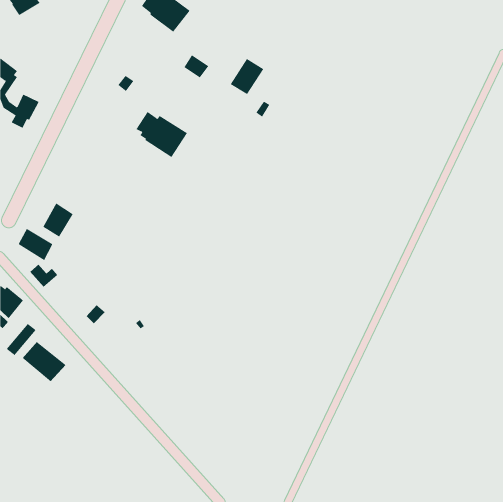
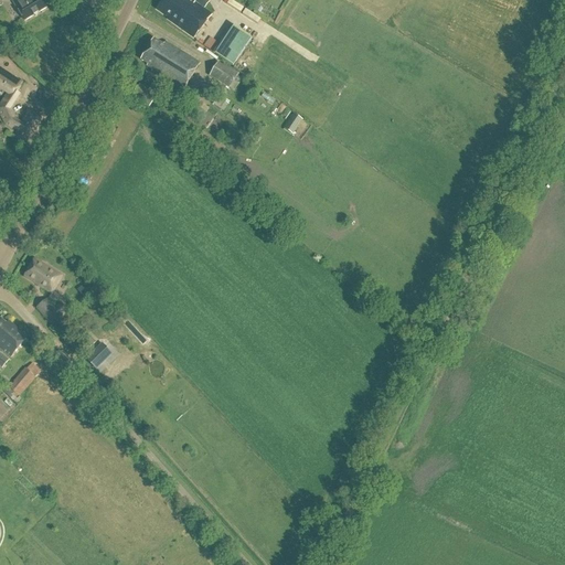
building: [230,58,264,95] -> [212,23,250,64]
building: [135,111,188,158] -> [141,38,200,89]
building: [42,202,73,238] -> none
building: [22,341,67,382] -> none

